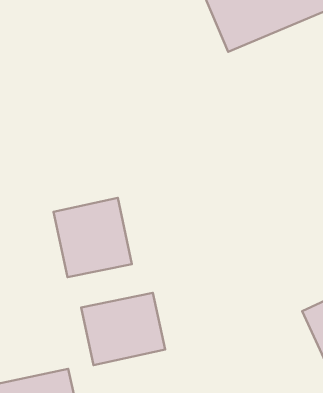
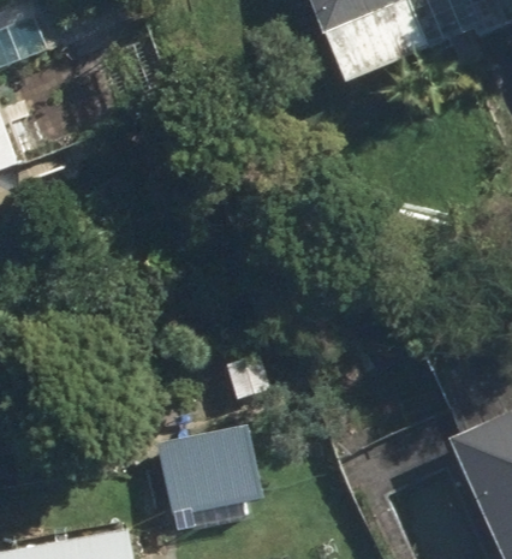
building: [54,198,132,277] -> none

